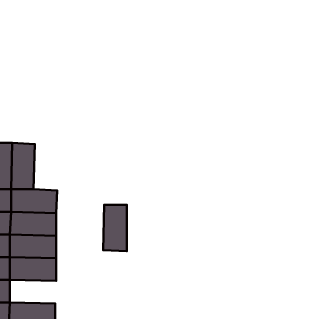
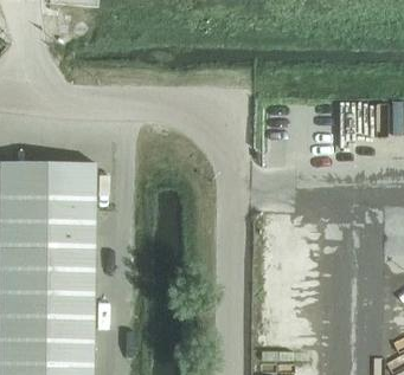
building: [103,205,127,251] -> [71,163,96,212]
building: none -> [46,305,95,330]

